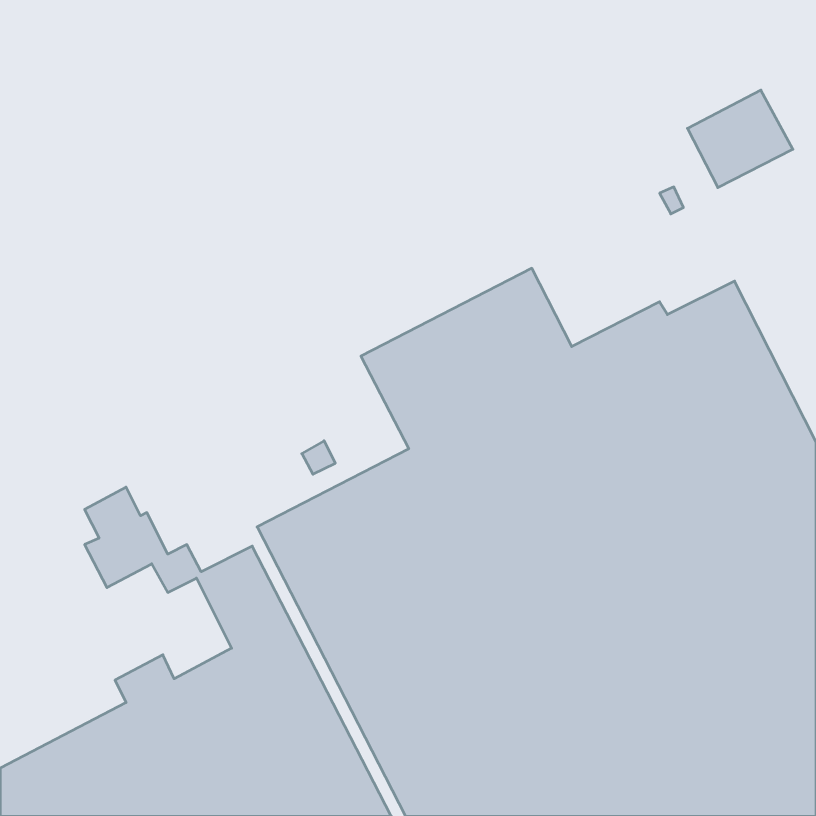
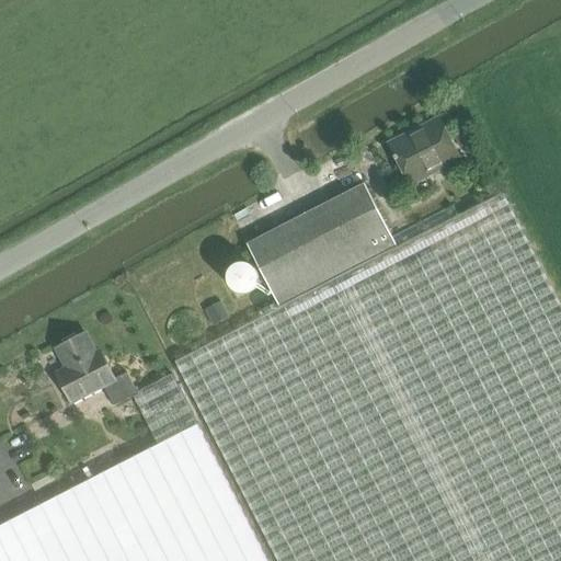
building: [687,90,793,188] -> [389,118,461,185]

